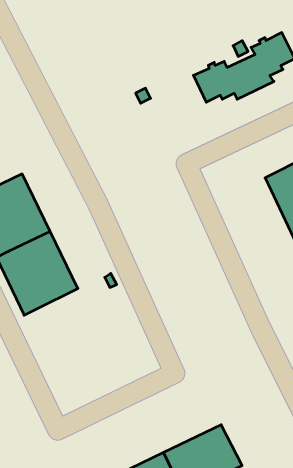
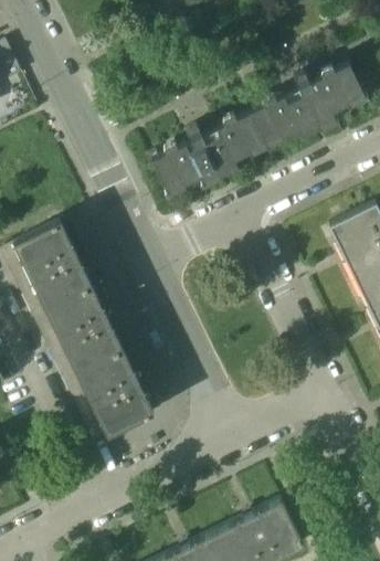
building: none -> [152,110,265,188]
building: none -> [63,347,155,442]

